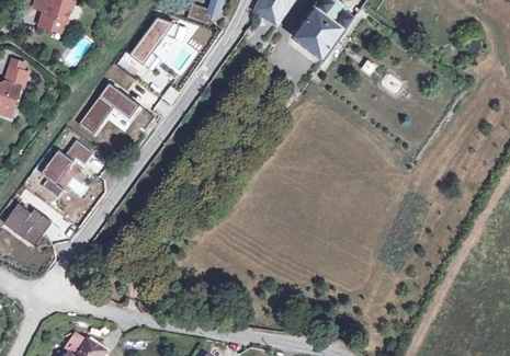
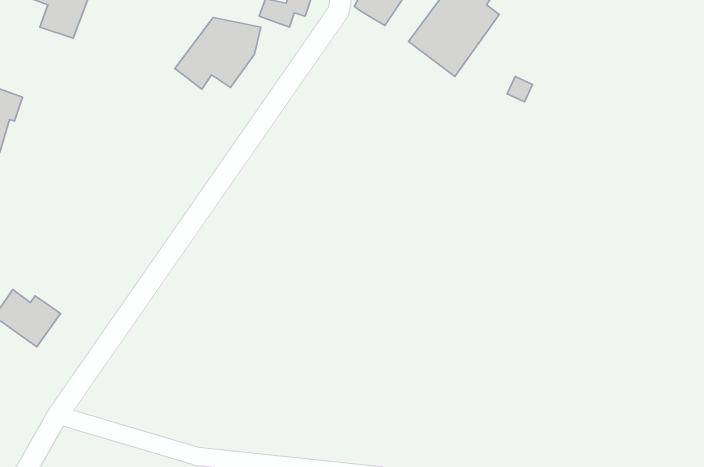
building: [78,82,139,134] -> none
building: [41,141,93,197] -> none

